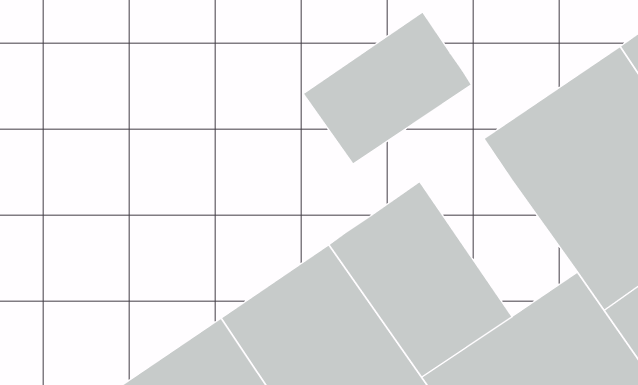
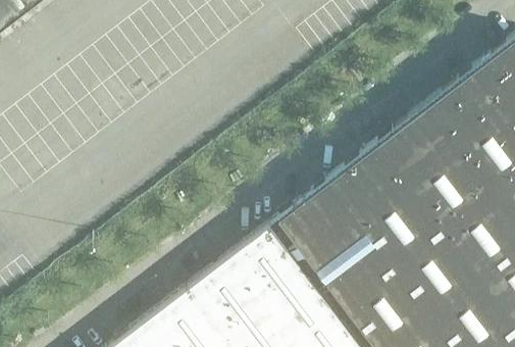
building: [303,12,471,164] -> none
building: none -> [343,136,464,267]

